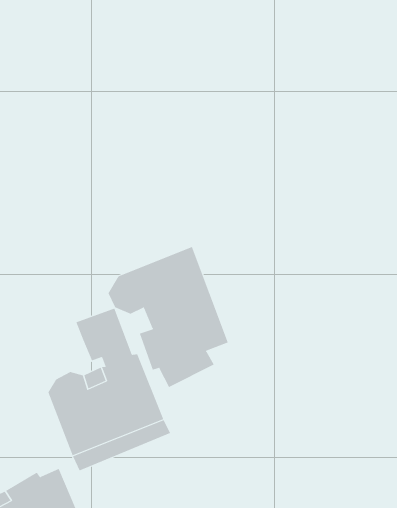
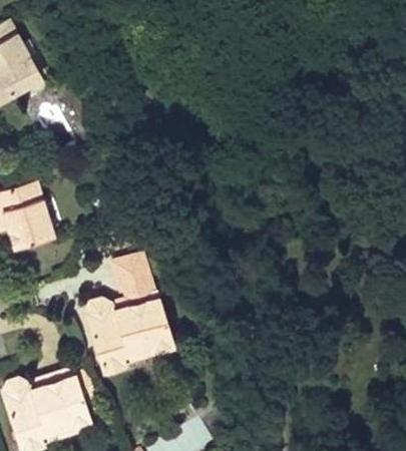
building: [108,246,228,388] -> none

